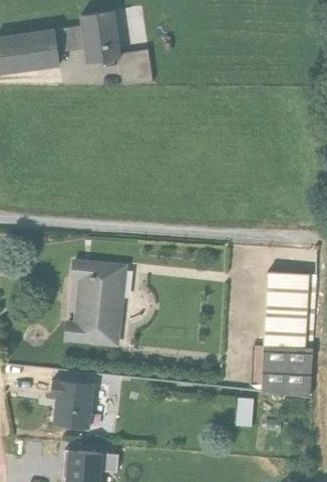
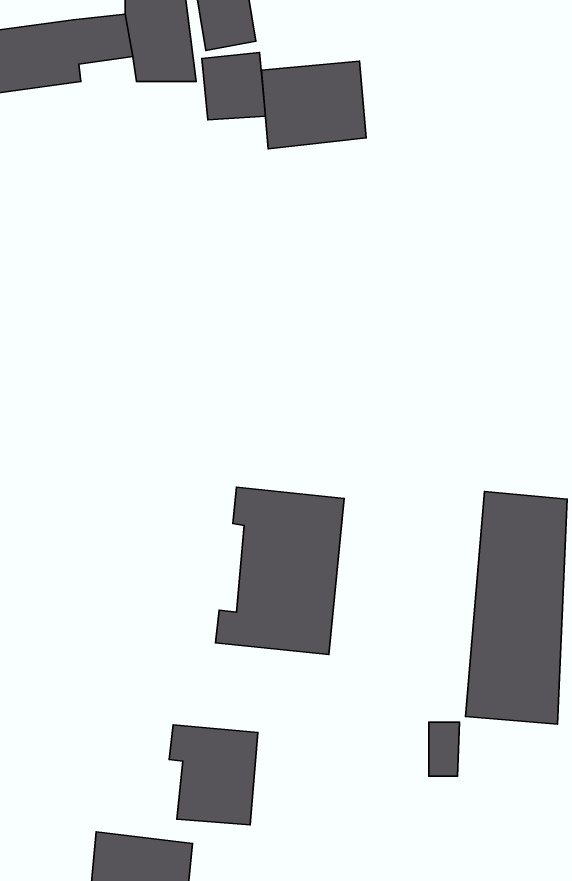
building: none -> [262,61,366,149]
building: [61,259,128,346] -> [215,487,344,654]
building: [47,381,93,433] -> [169,725,258,825]

